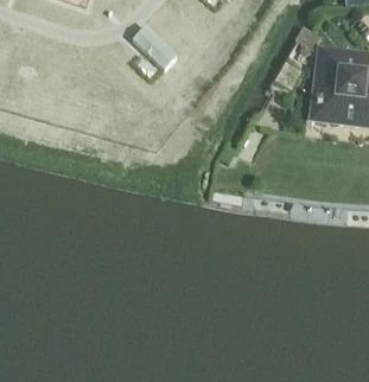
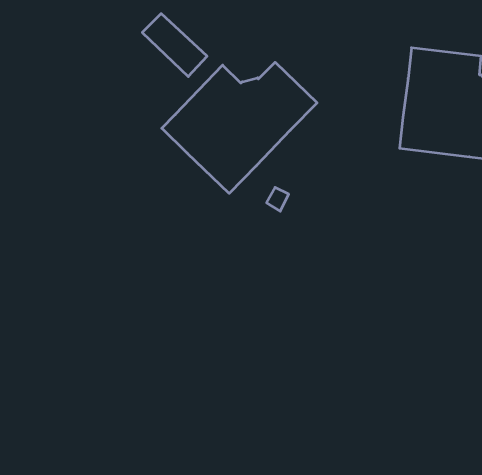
building: none -> [162,62,317,193]

